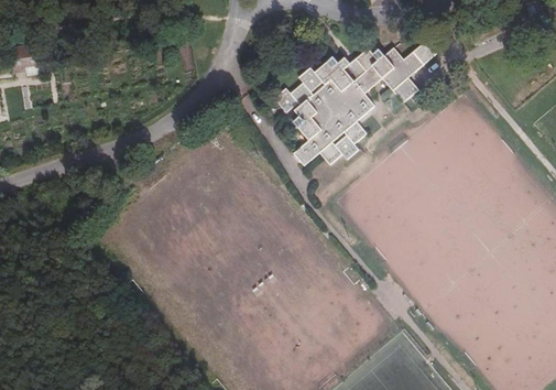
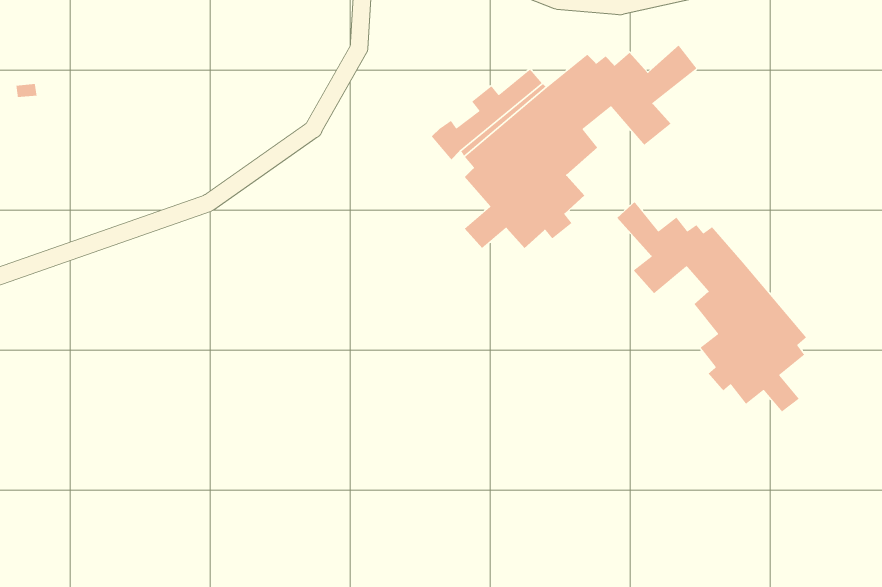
building: none -> [617,201,807,413]

